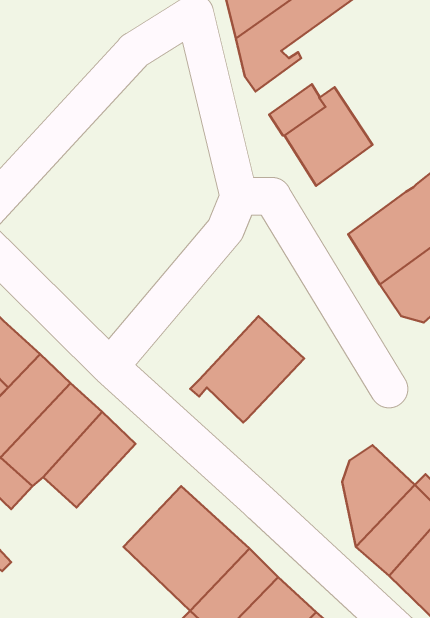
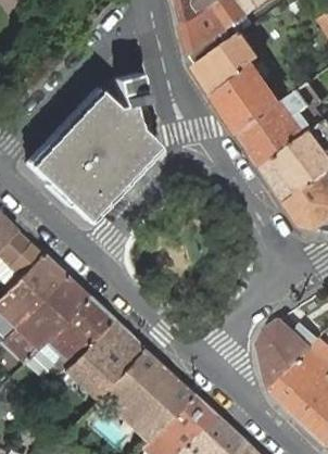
building: none -> [26,73,156,220]
building: none -> [241,87,316,168]
building: [190,316,304,422] -> [63,318,144,394]

